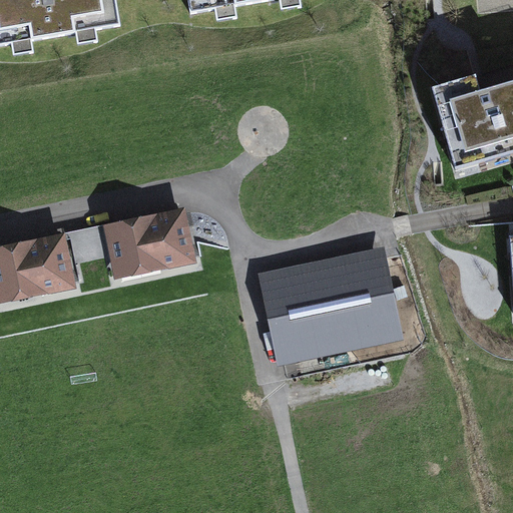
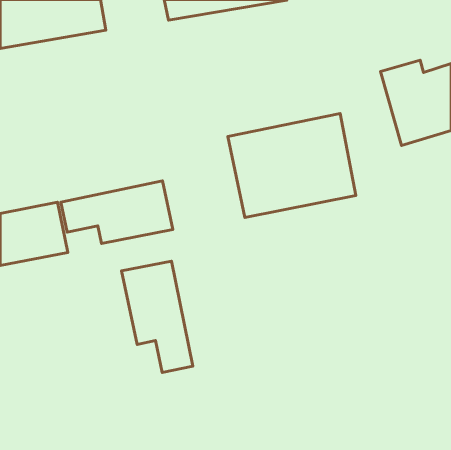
building: [259,247,404,366] -> [228,113,356,218]
building: none -> [121,261,193,372]

